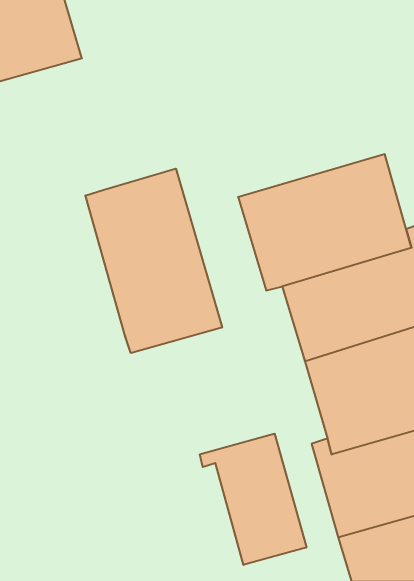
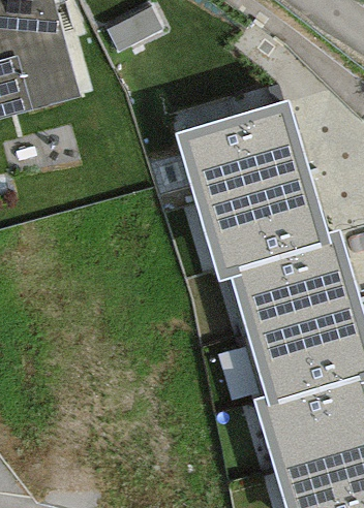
building: none -> [173,98,309,207]
building: [85,169,222,353] -> none
building: [200,434,306,565] -> none

